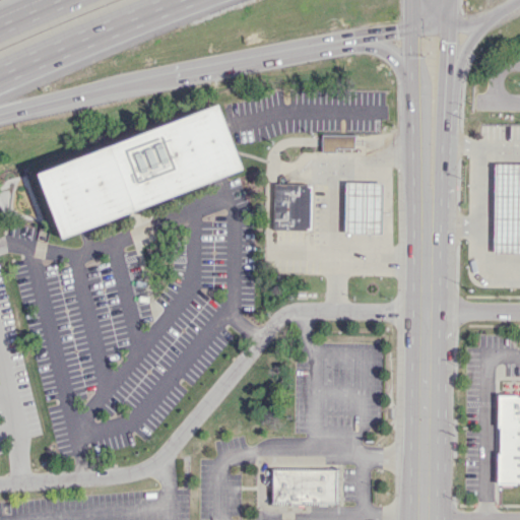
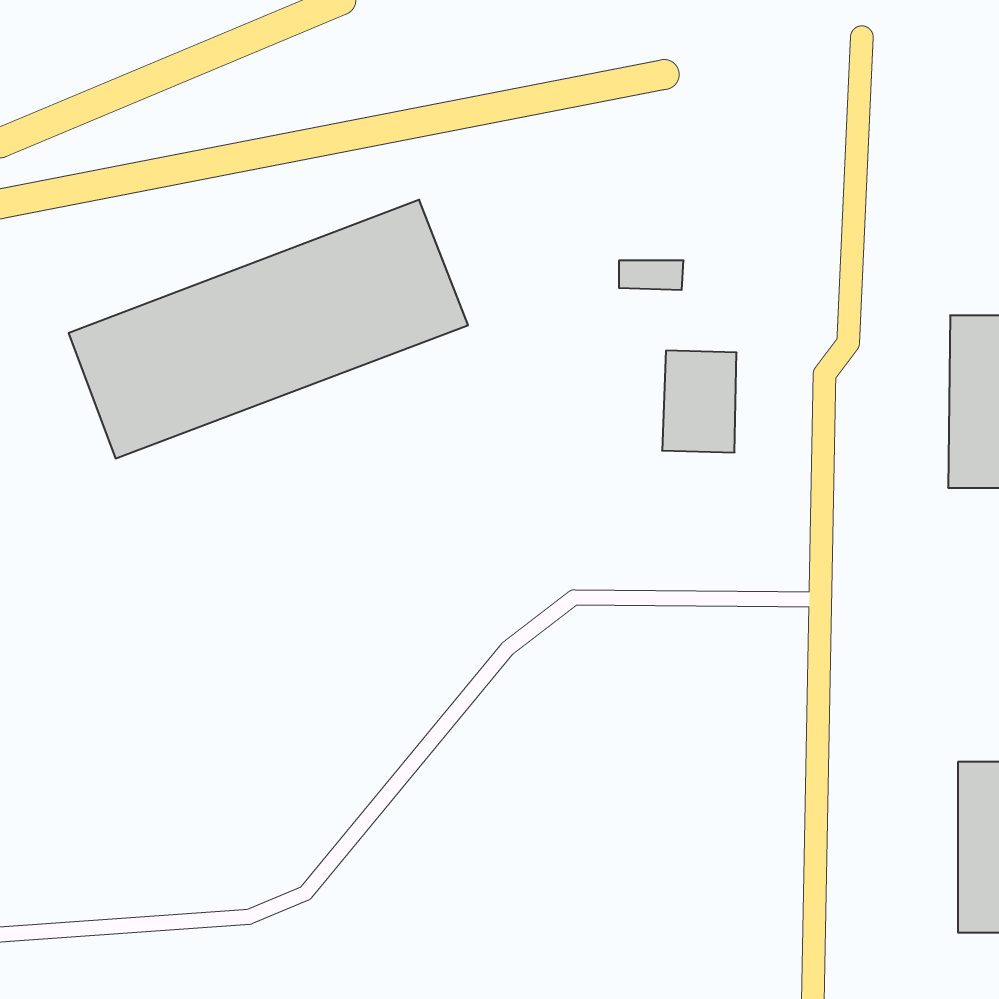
building: [272,185,312,232] -> none
building: [271,468,339,505] -> none

